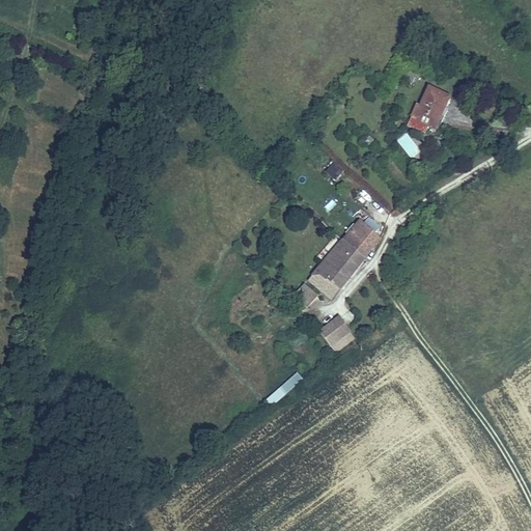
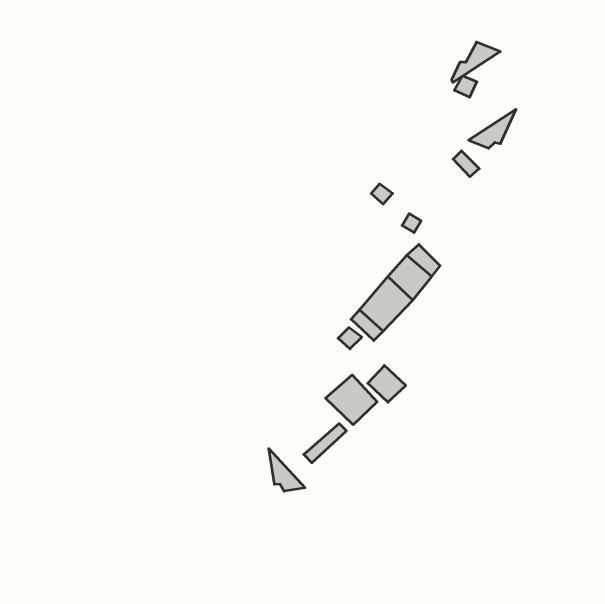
building: [409,87,451,122] -> [452,42,500,82]
building: none -> [326,375,377,425]
building: none -> [269,449,305,491]

